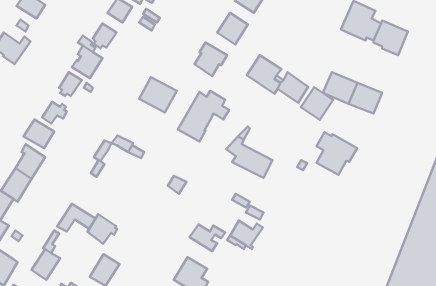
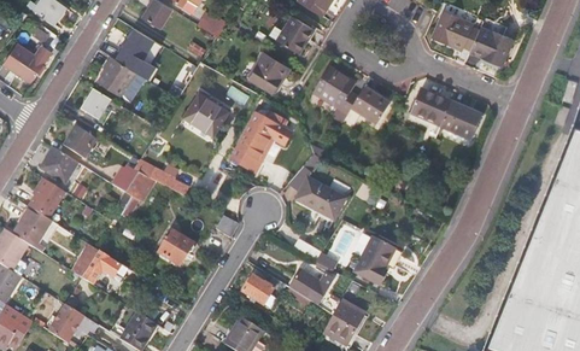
building: [301,87,333,120] -> none
building: [317,132,357,175] -> [353,233,403,285]
building: [87,214,117,244] -> [160,229,197,265]
building: none -> [326,303,364,344]

